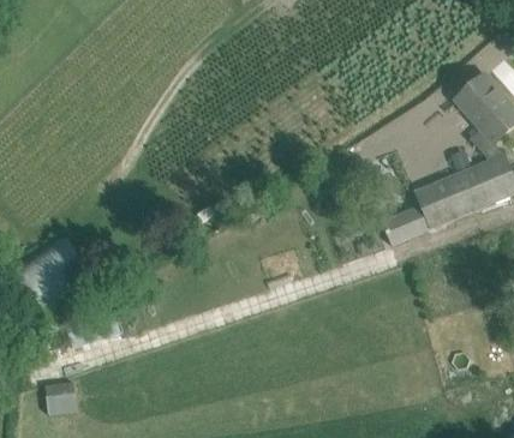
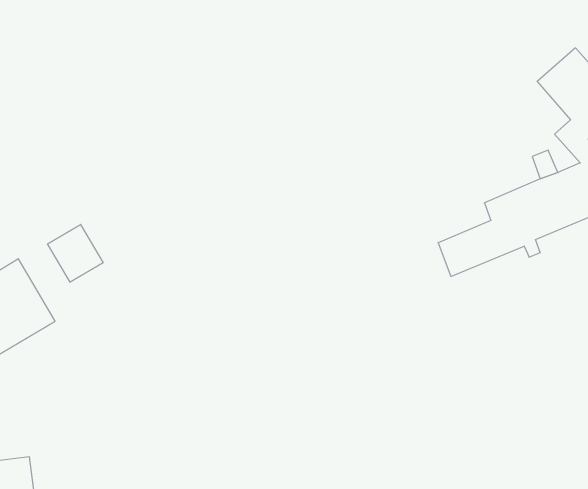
building: none -> [48,224,103,282]

